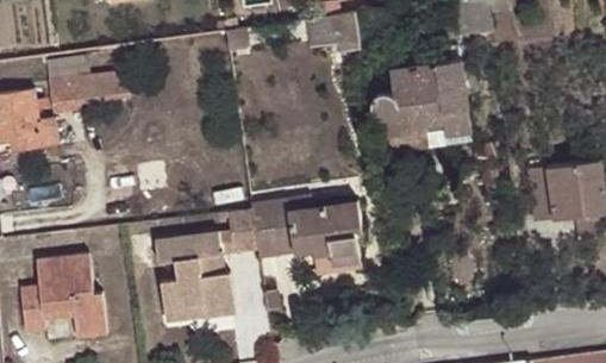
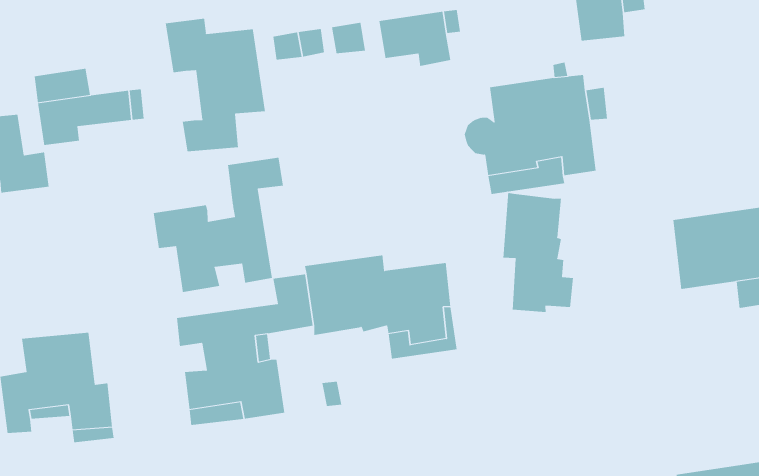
building: none -> [165,18,265,152]
building: none -> [153,157,283,293]
building: none -> [503,192,574,313]

